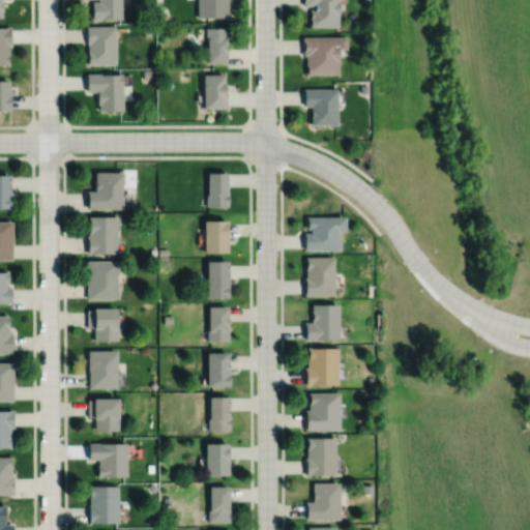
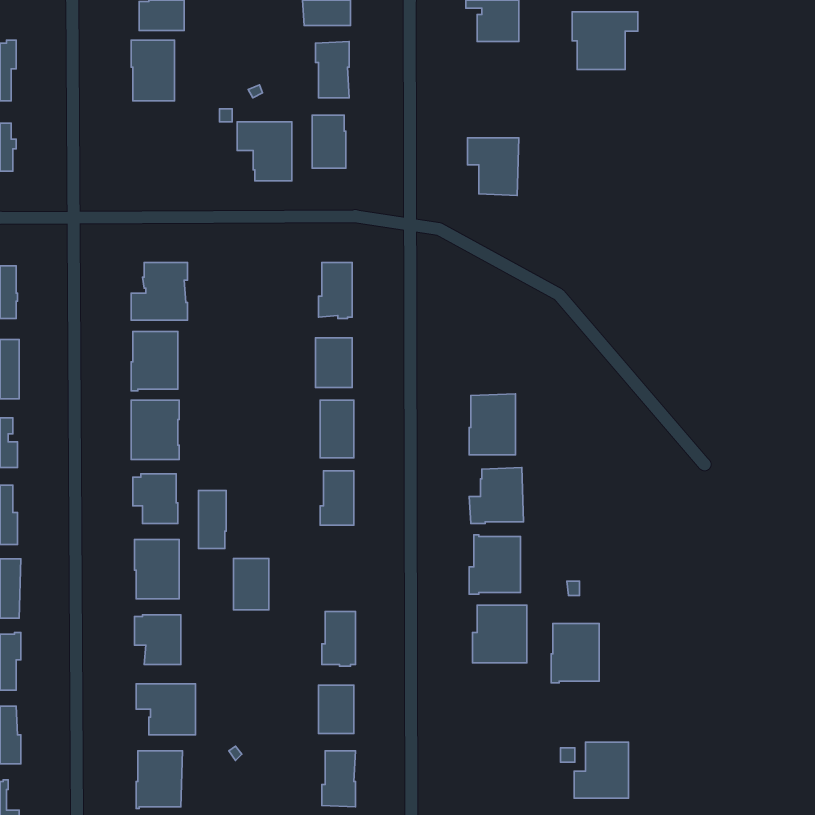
building: [303,39,346,77] -> [572,12,638,70]
building: [87,76,122,114] -> [237,122,292,181]
building: [305,216,347,251] -> none
building: none -> [199,490,226,549]
building: [209,353,232,386] -> [234,559,269,610]
building: [307,439,338,477] -> [551,623,599,683]
building: [307,484,343,521] -> [574,742,629,798]

